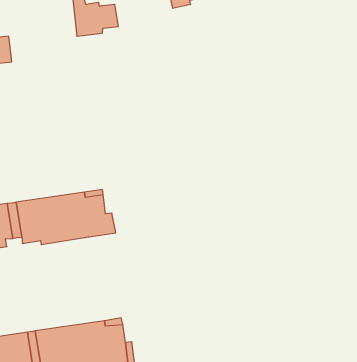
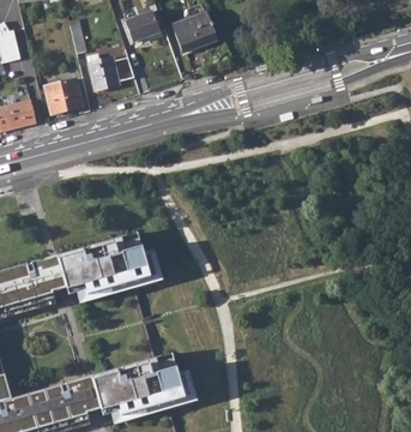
building: none -> [44,79,83,114]

